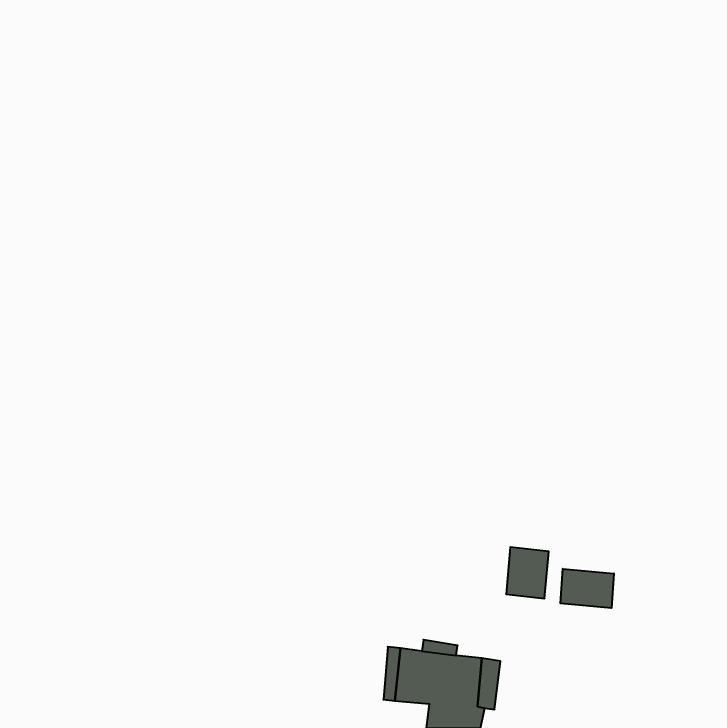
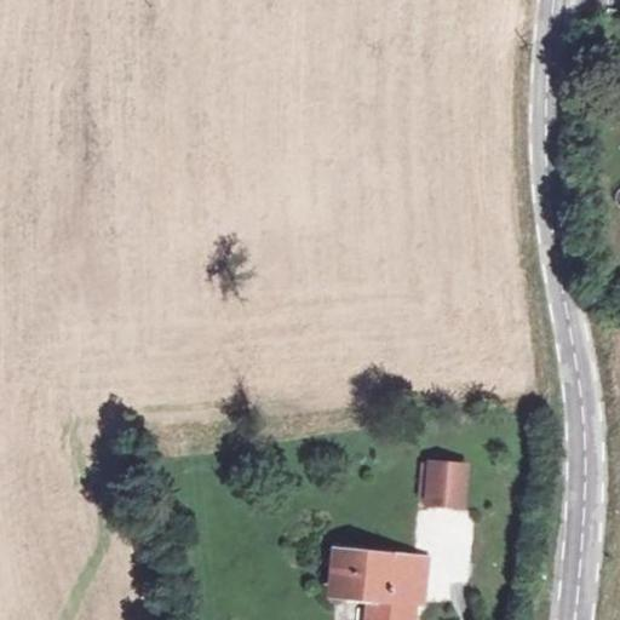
building: [560,569,614,608] -> none

